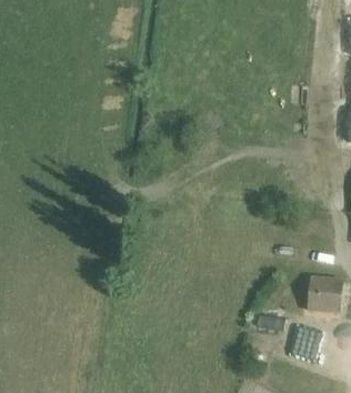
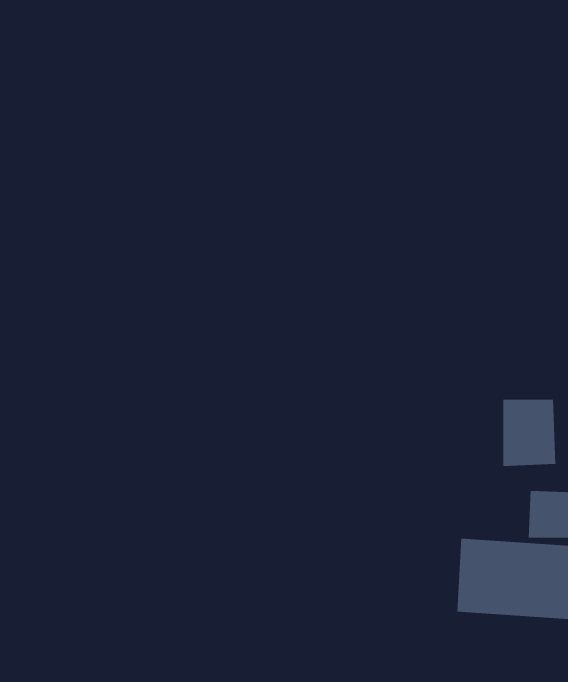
building: none -> [503,399,556,467]

